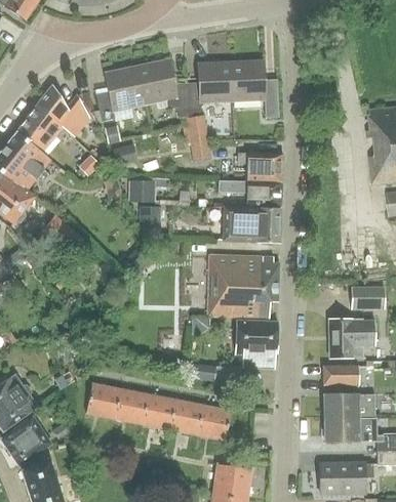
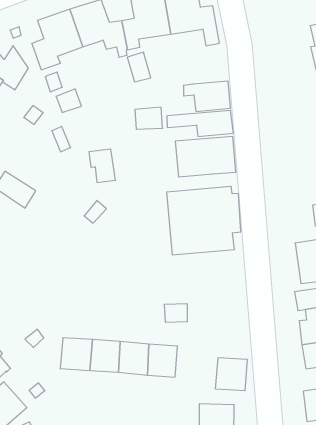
building: [128,179,155,201] -> [135,107,163,129]
building: [235,319,277,367] -> none
building: [196,404,231,438] -> [215,358,248,391]

